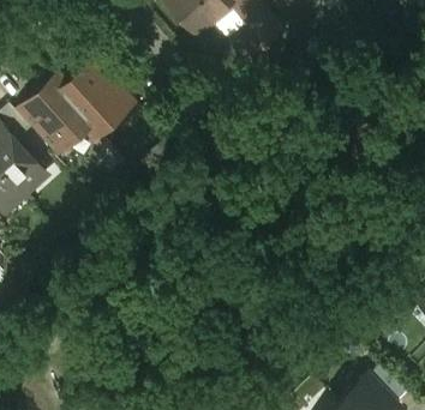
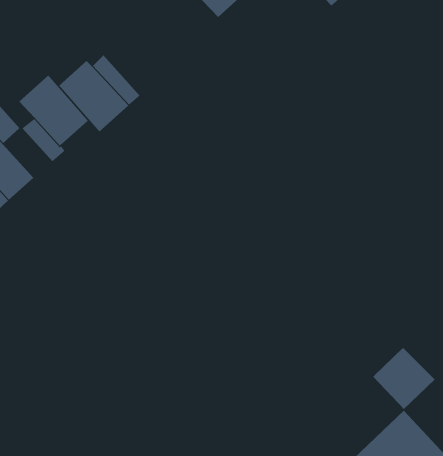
building: none -> [372,338,436,410]

